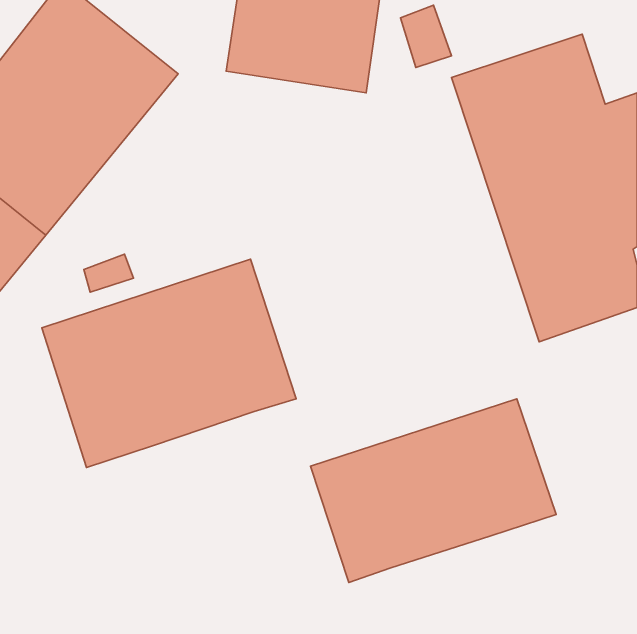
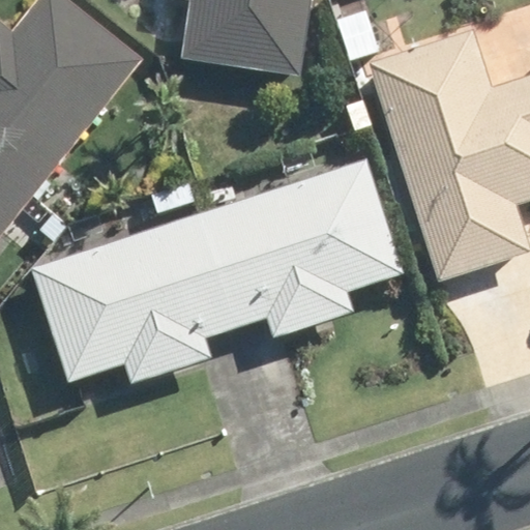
building: none -> [204,157,406,325]
building: [311,399,556,583] -> none

